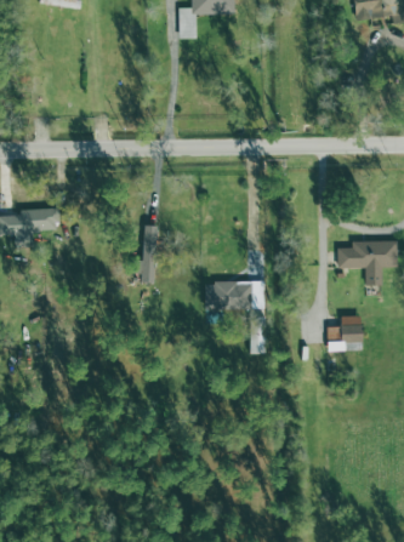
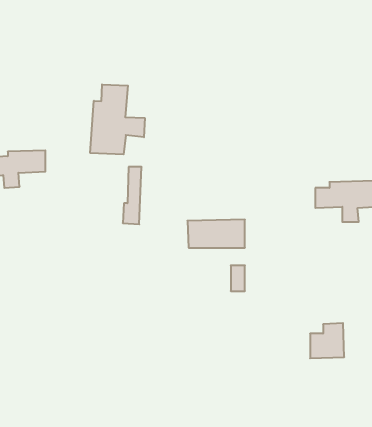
building: none -> [90,84,145,154]
building: [328,315,363,352] -> [310,323,344,358]

